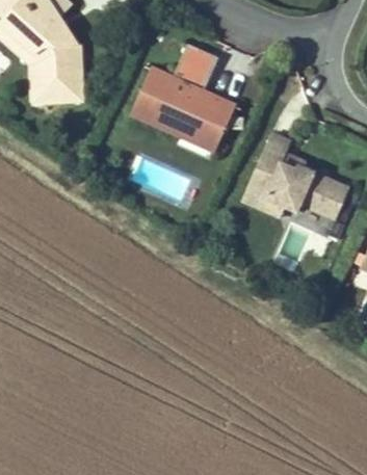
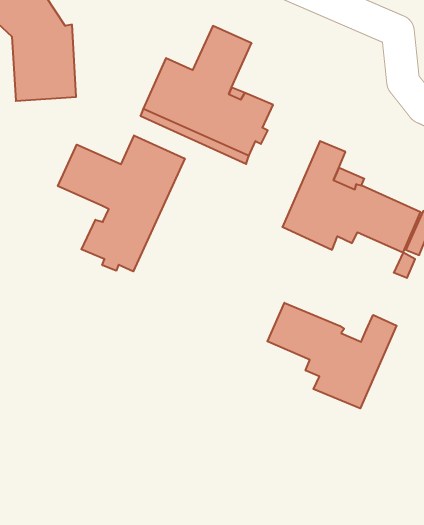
building: none -> [58,135,185,271]
building: none -> [267,303,397,408]

